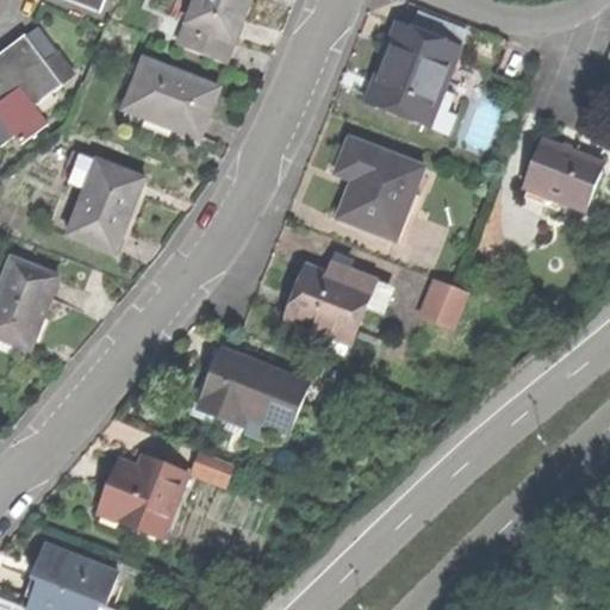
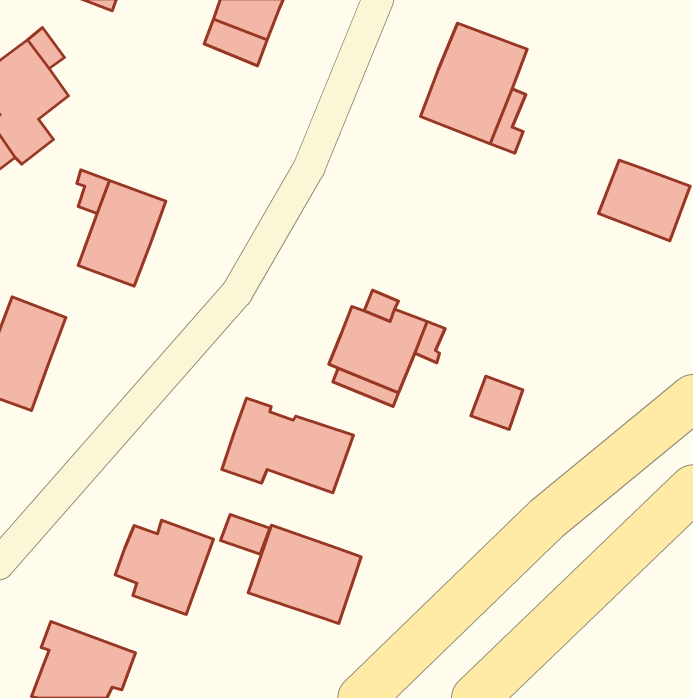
building: [120,57,213,143] -> none
building: [336,138,423,238] -> none
building: [419,278,465,324] -> [471,376,523,429]
building: none -> [248,525,361,623]

